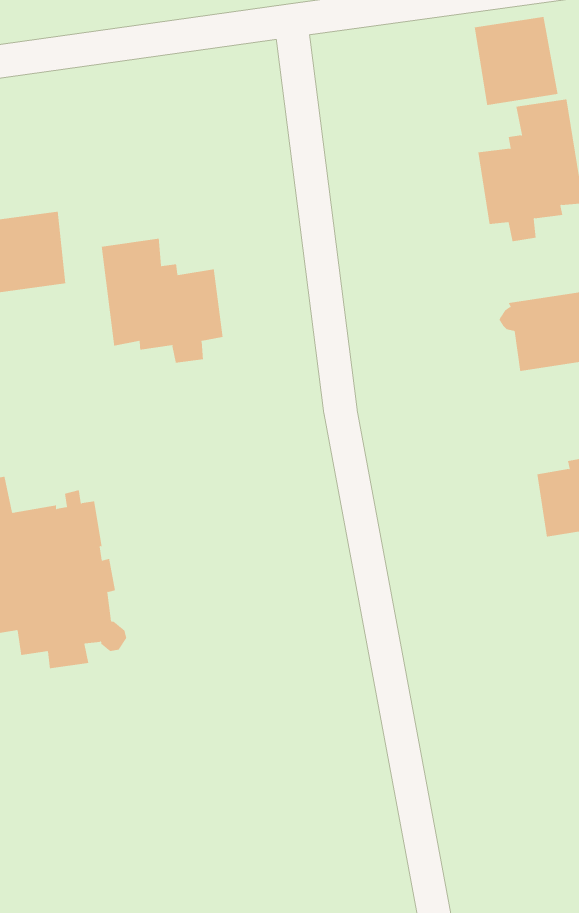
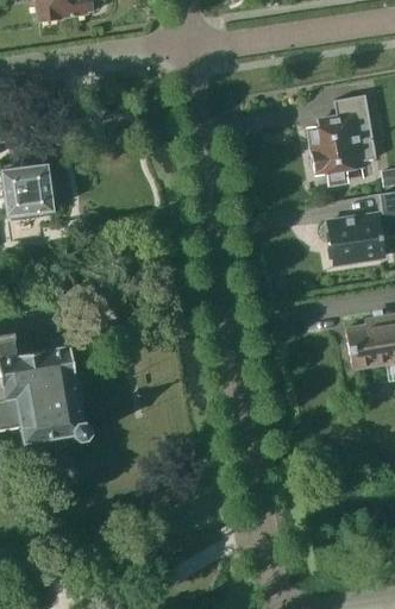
building: [474,16,558,106] -> none
building: [101,238,223,364] -> none

